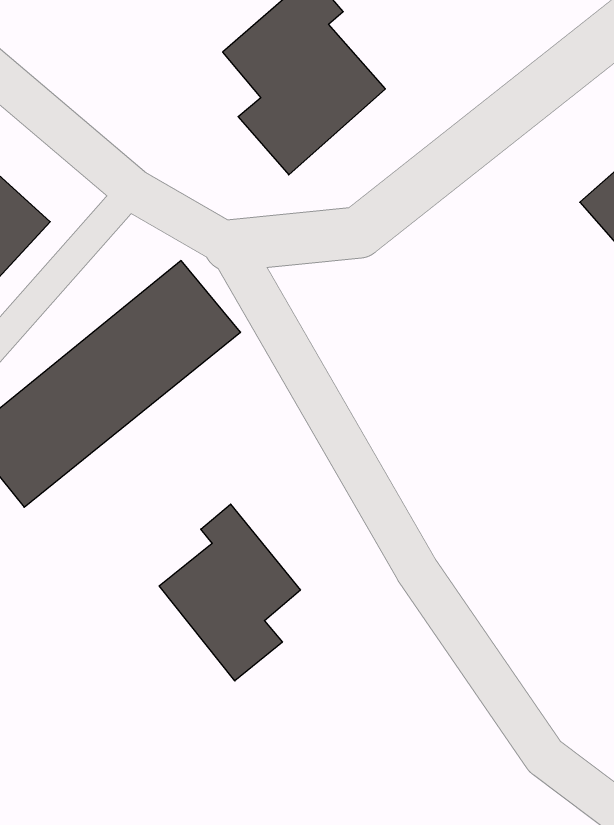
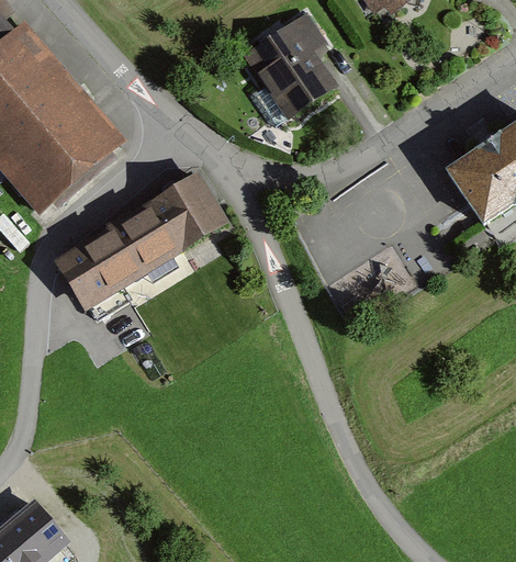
building: [159,504,300,681] -> none

